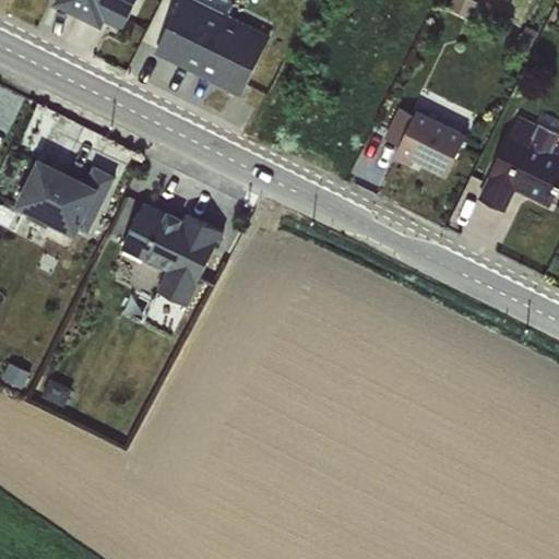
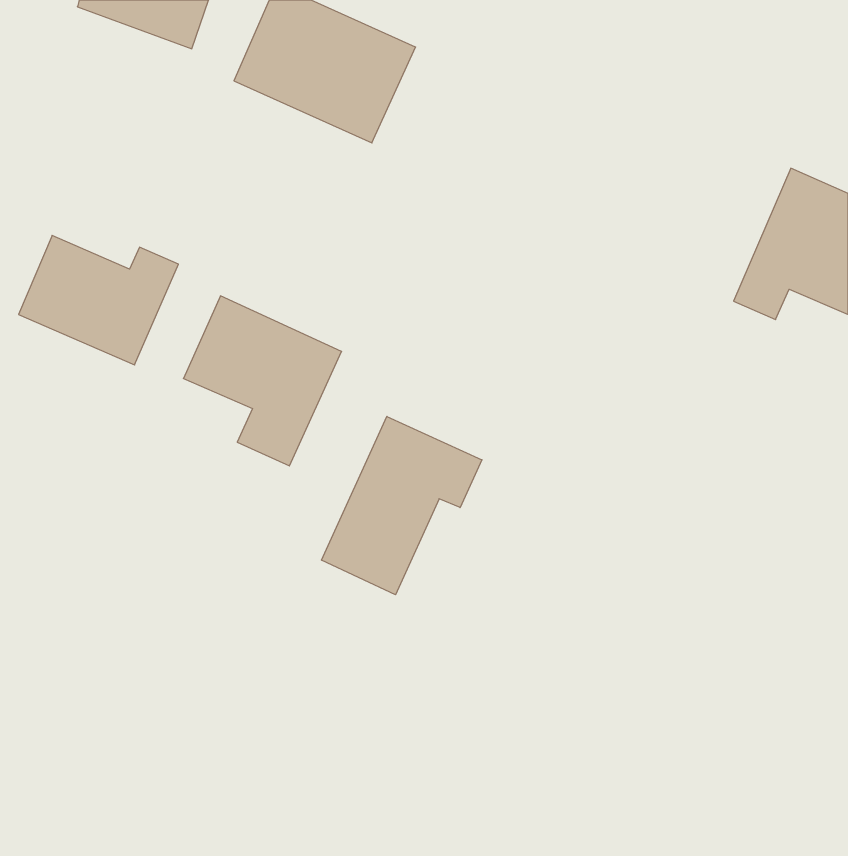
building: [392,108,464,177] -> none
building: none -> [322,416,482,595]

